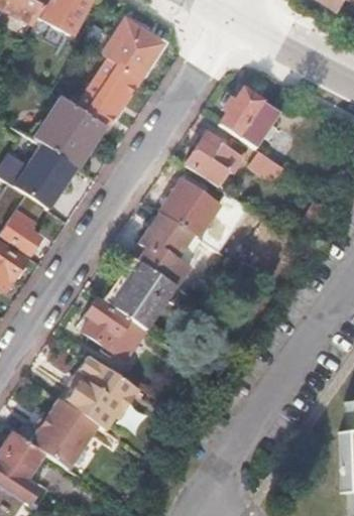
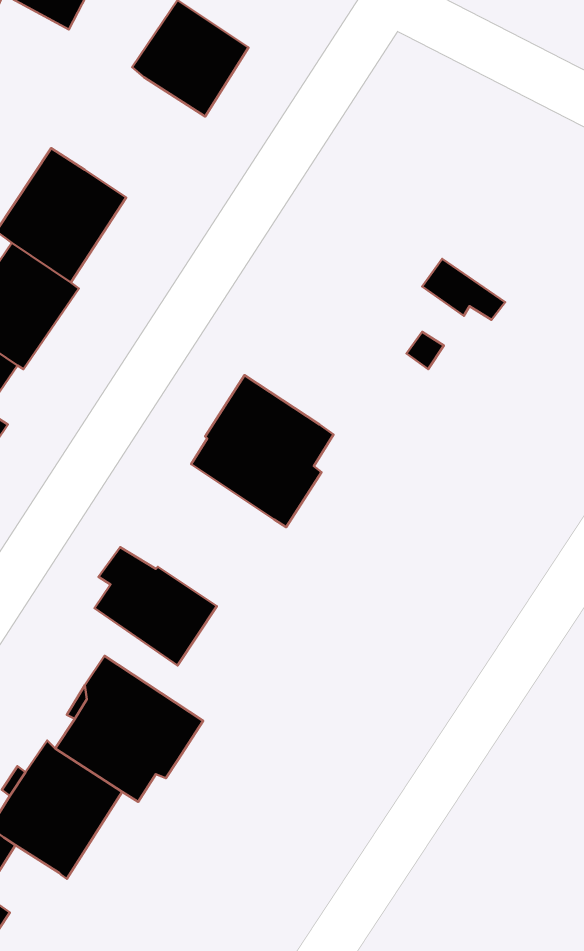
building: [79,59,140,128] -> none
building: [219,89,281,149] -> none
building: [187,133,239,185] -> none
building: [160,180,219,237] -> none
building: [103,257,175,330] -> none

